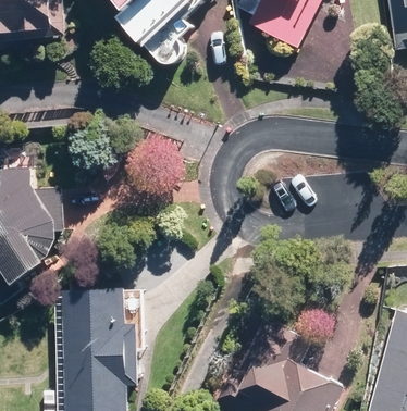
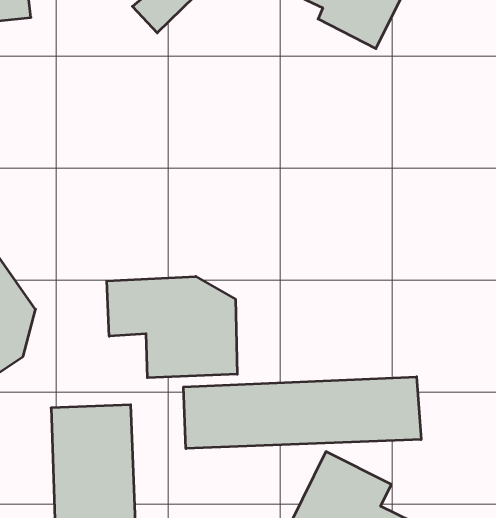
building: none -> [107,276,237,378]
building: none -> [184,377,421,449]

